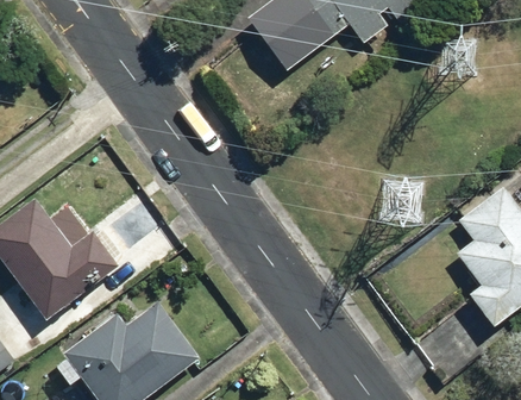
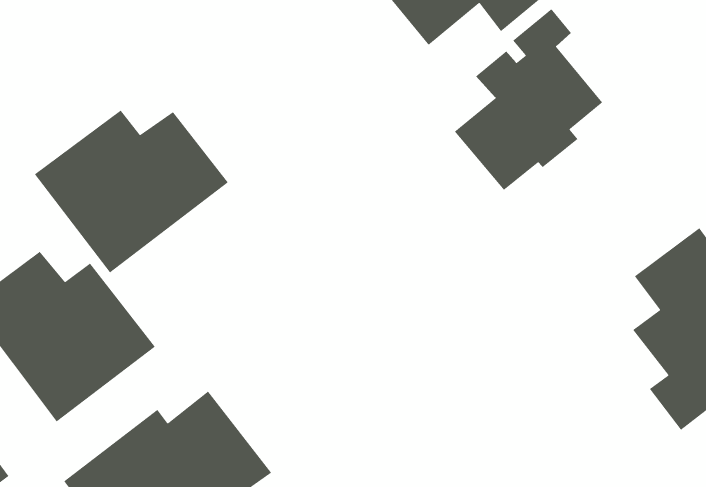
building: none -> [454,8,603,191]
building: none -> [34,110,229,274]

